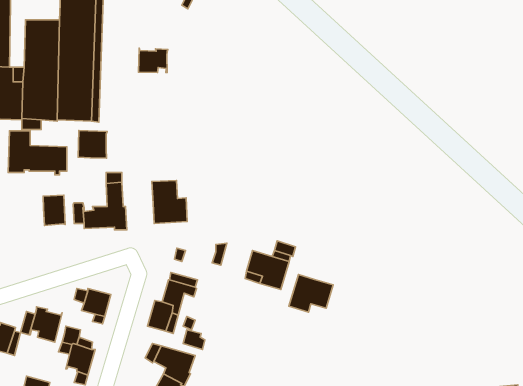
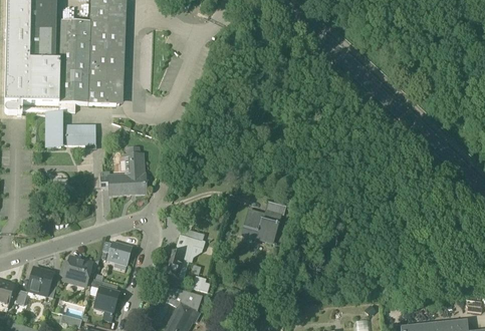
building: [138,48,168,73] -> none
building: [78,130,107,158] -> none
building: [152,180,187,223] -> none
building: [43,195,65,226] -> none
building: [289,274,333,312] -> none

